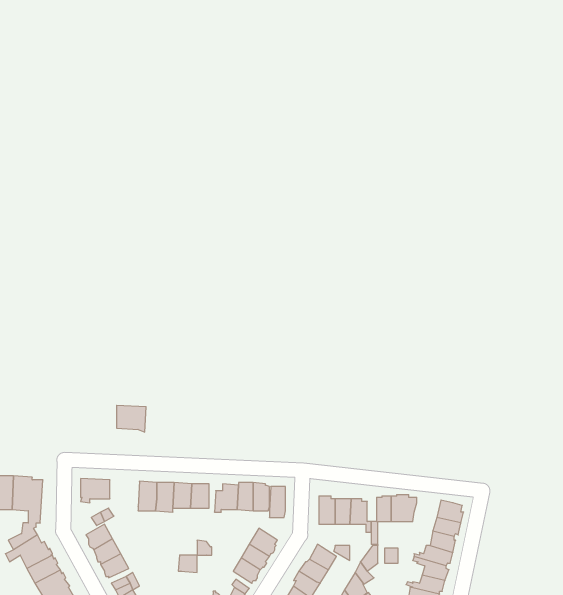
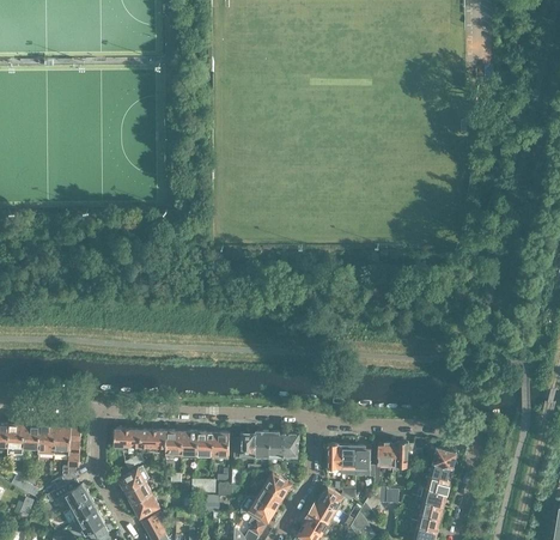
building: [117,405,146,432] -> [140,430,166,454]

